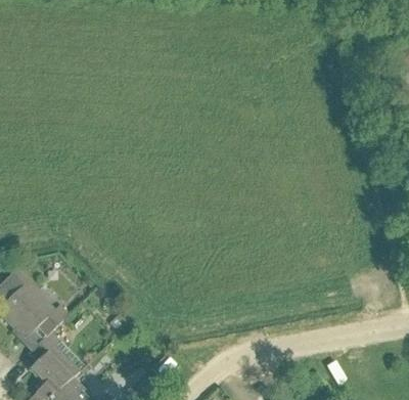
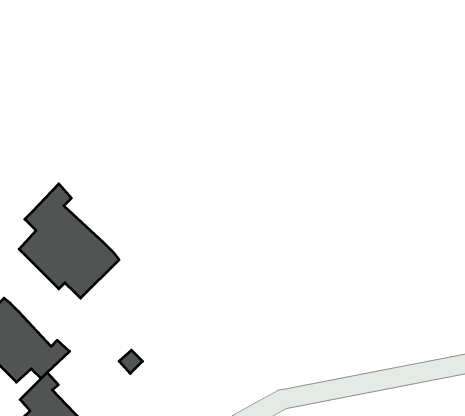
building: none -> [19,184,119,298]

